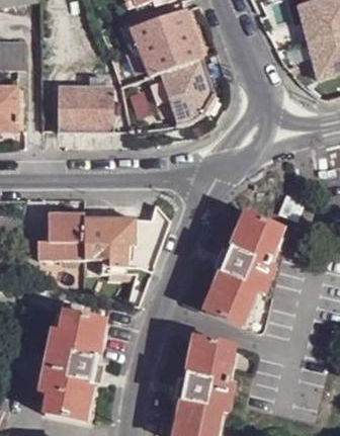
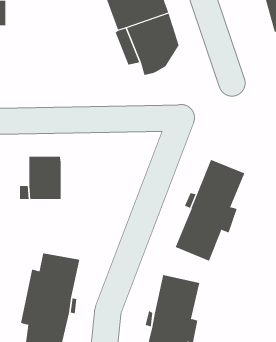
building: [60,88,114,134] -> none
building: [84,217,152,267] -> none

